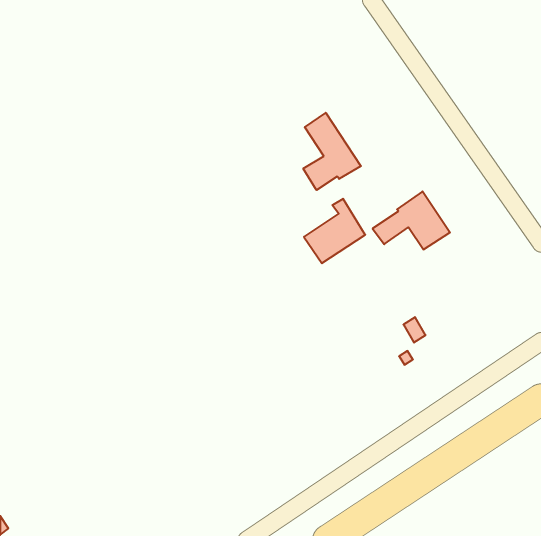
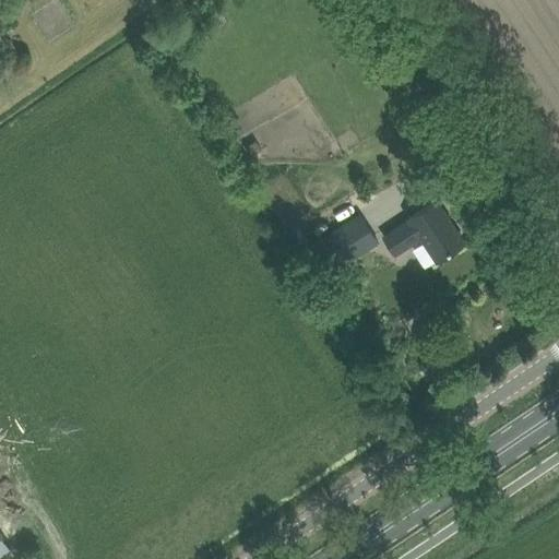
building: [303,113,361,190] -> none

